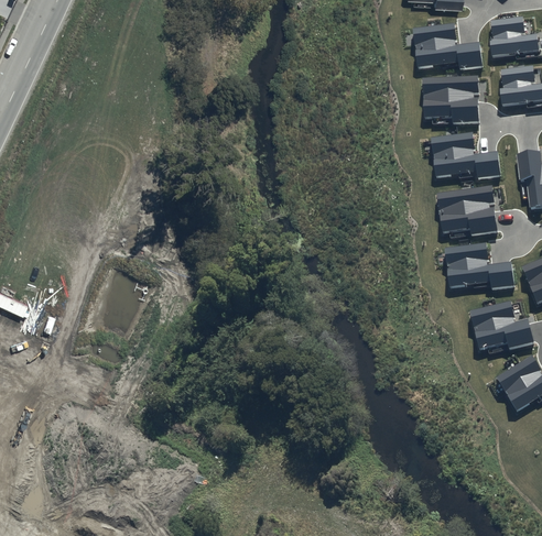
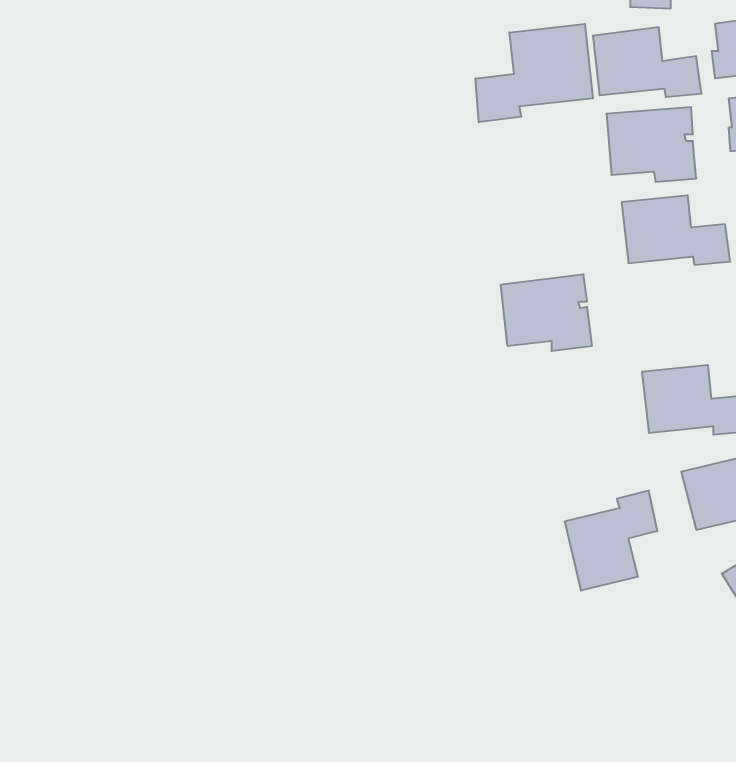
building: none -> [475,24,593,122]
building: [437,188,497,238] -> [501,274,592,351]
building: none -> [565,490,657,591]

